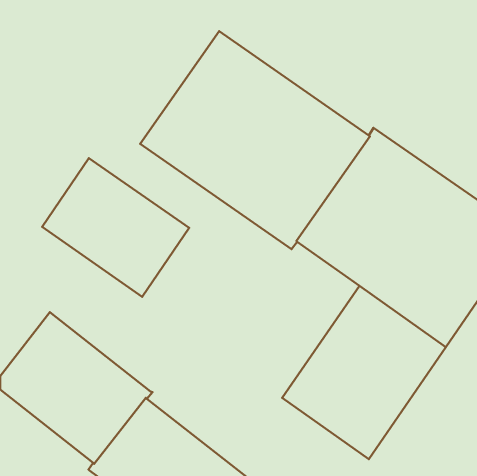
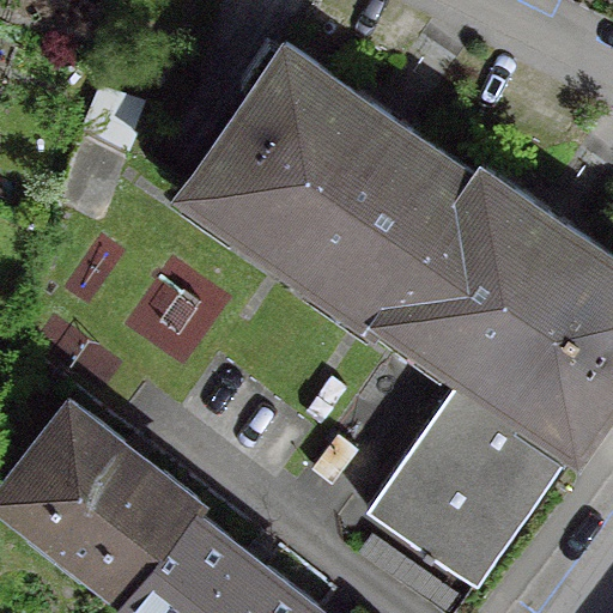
building: [42,158,189,297] -> none

